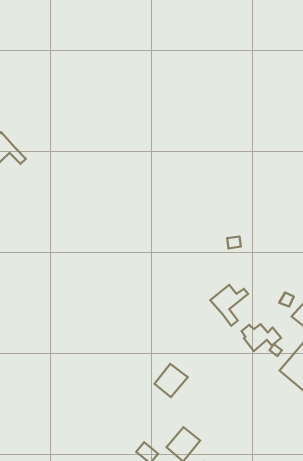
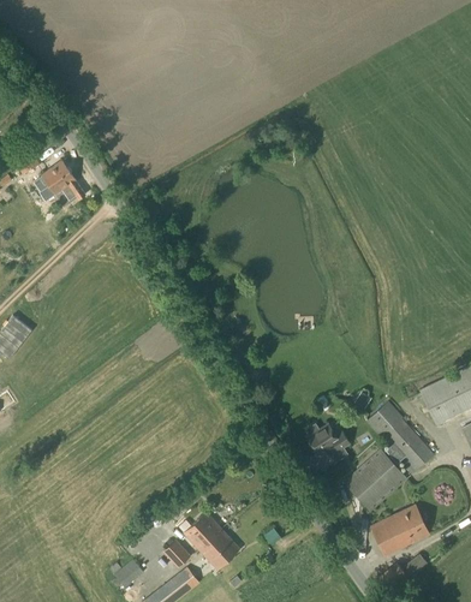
building: [210,285,248,326] -> none
building: [154,364,188,397] -> [183,512,222,550]

